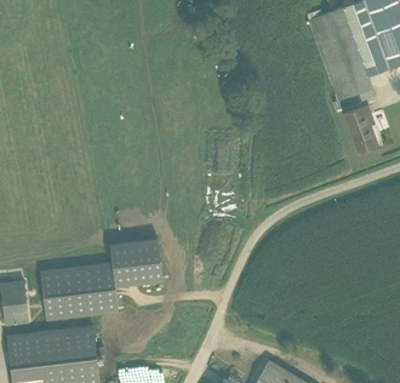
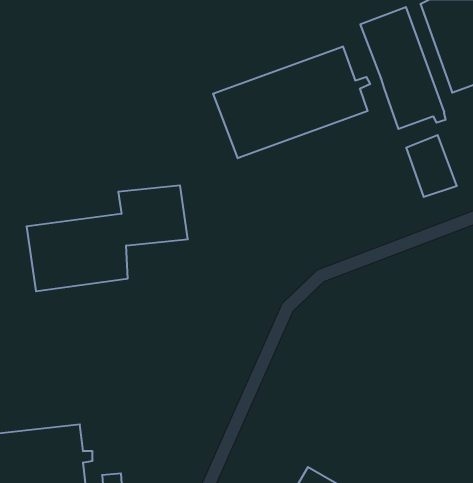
building: none -> [213,46,370,158]
building: [39,239,162,320] -> [26,185,188,291]

